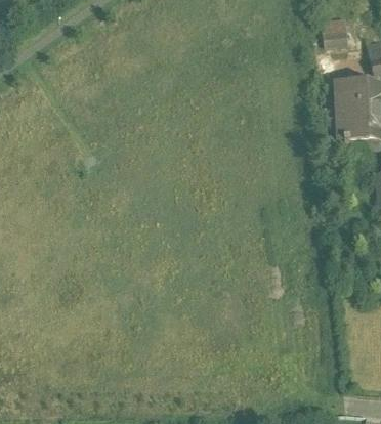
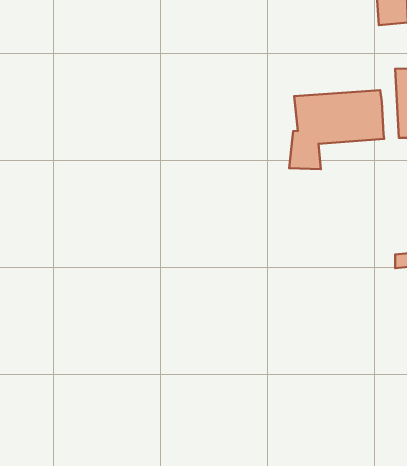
building: none -> [289,90,384,169]

